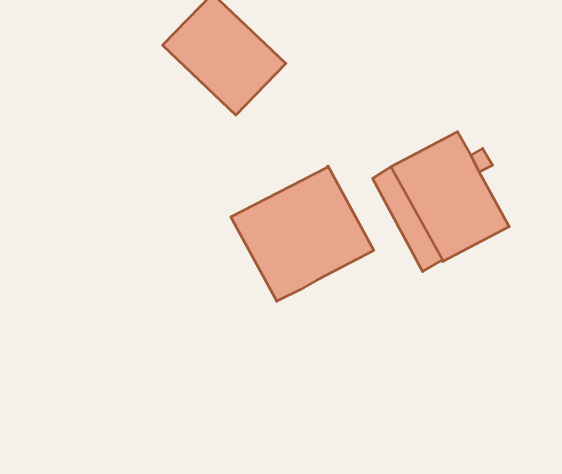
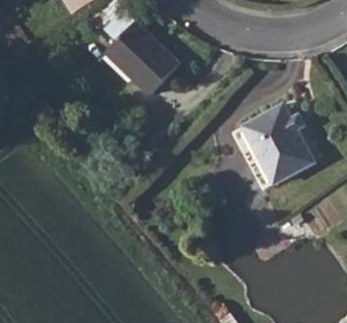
building: [231,166,374,301] -> none

